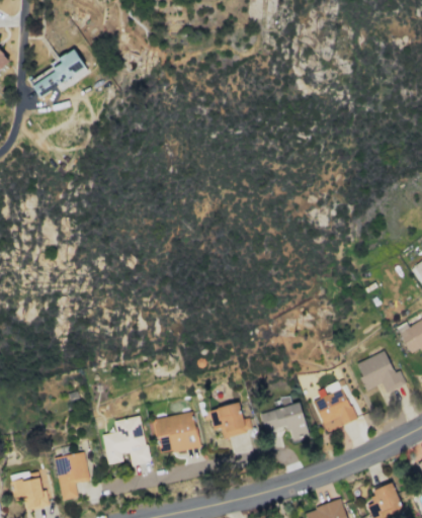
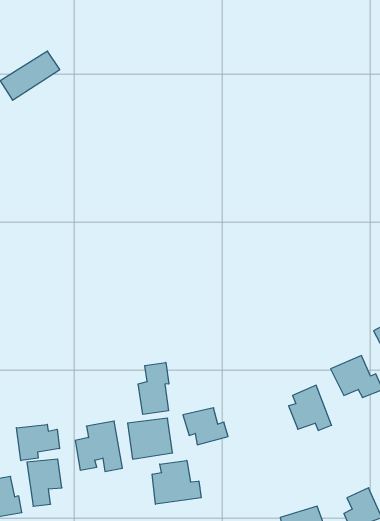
building: none -> [138,362,169,414]
building: [260,402,310,441] -> none
building: none -> [16,424,60,461]
building: none -> [152,460,201,504]

